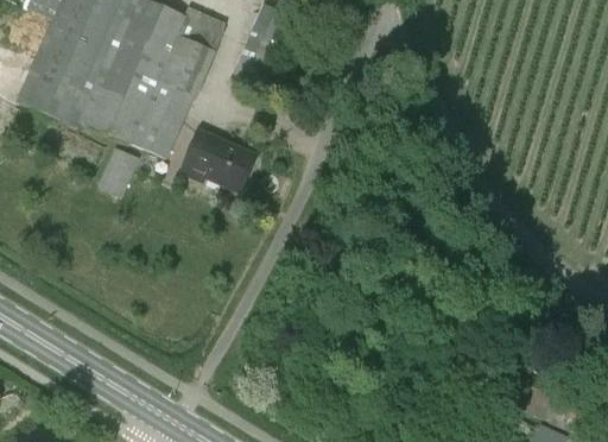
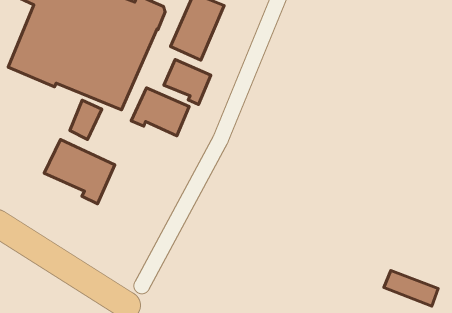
building: none -> [164,59,211,104]
building: none -> [44,139,115,204]

